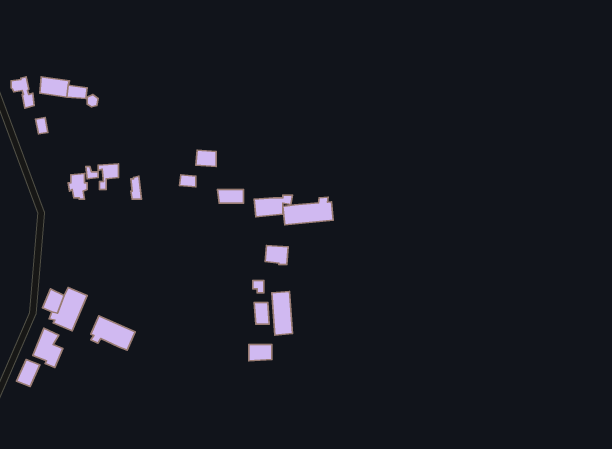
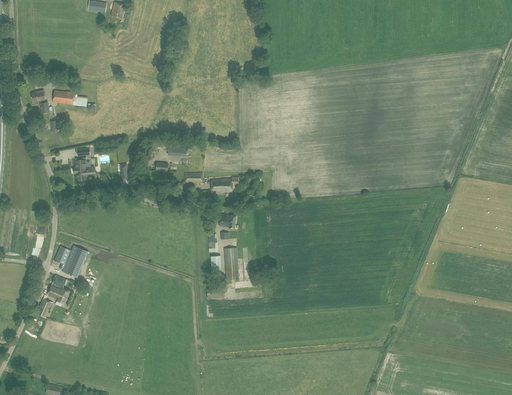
building: [283,197,333,225] -> none
building: [91,316,135,350] -> none

